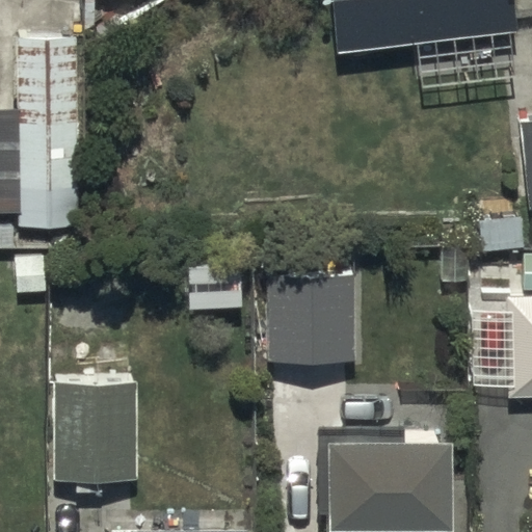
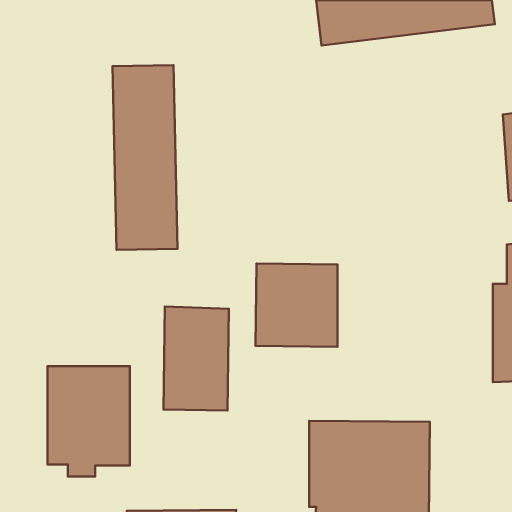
building: [19,38,85,228] -> [113,65,177,250]
building: none -> [164,307,229,410]

